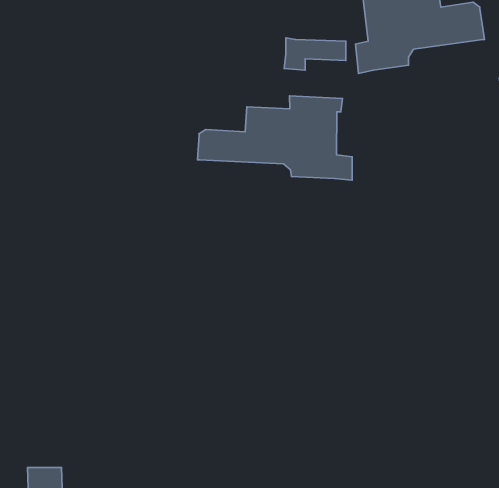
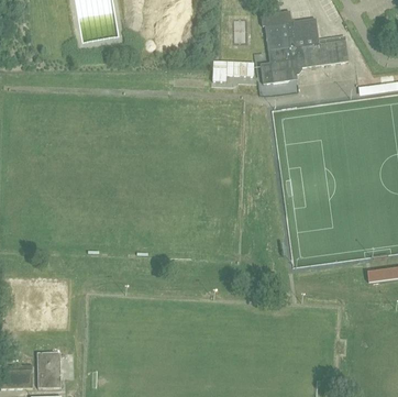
building: [197,96,352,180] -> none

